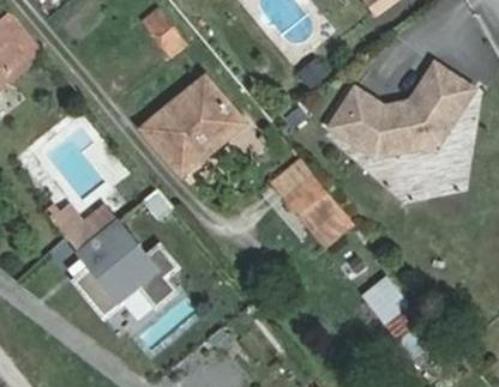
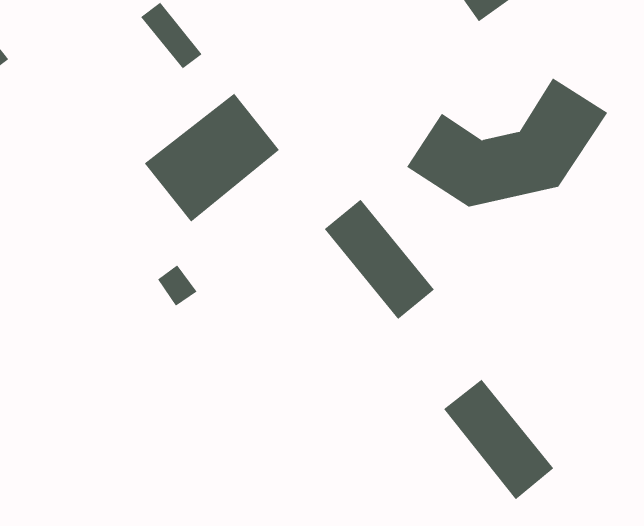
building: [49,202,173,315] -> none

